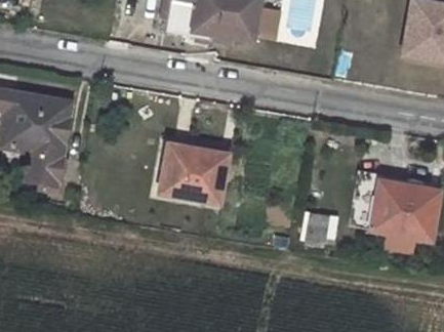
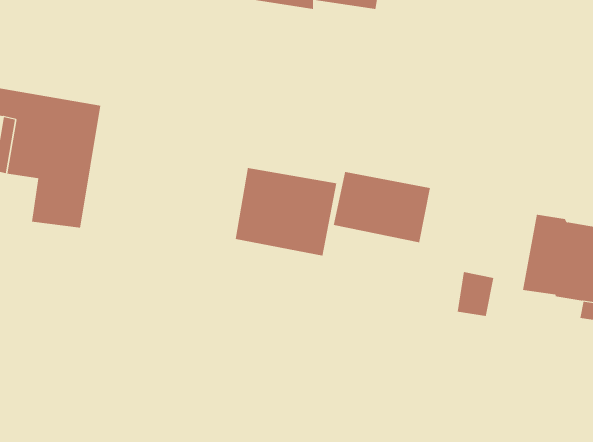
building: none -> [333,171,430,243]

